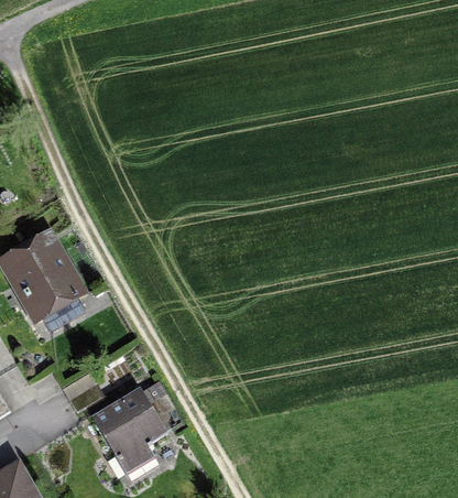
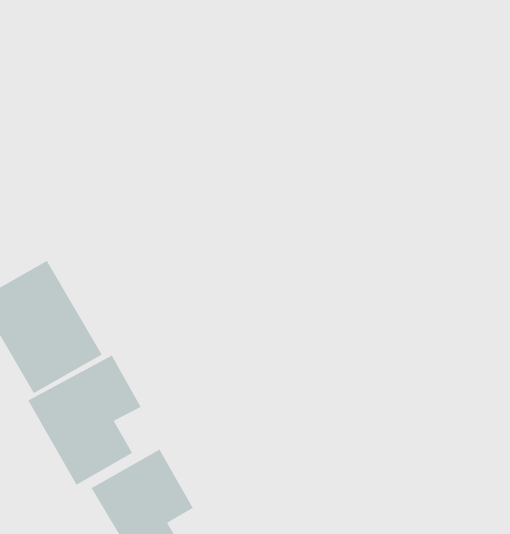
building: none -> [27,355,142,486]

